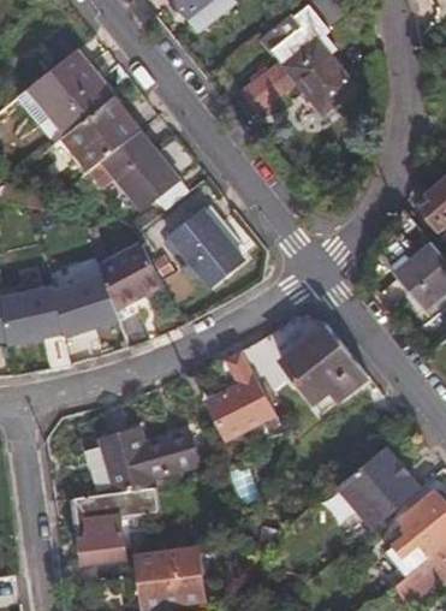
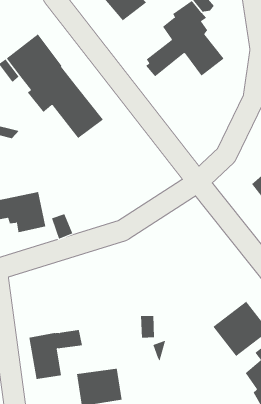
building: [165,201,242,284] -> none
building: [101,244,163,308] -> none
building: [212,320,370,439] -> none
building: [89,422,194,494] -> none

